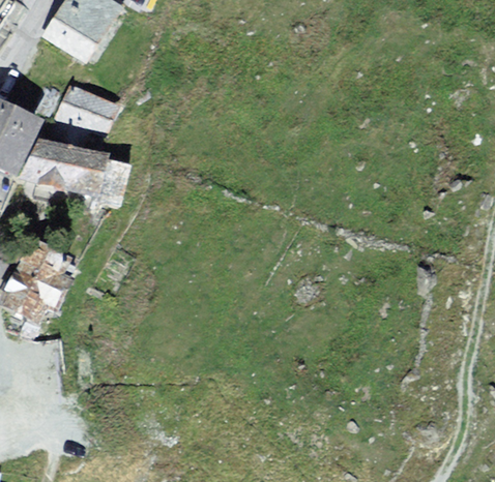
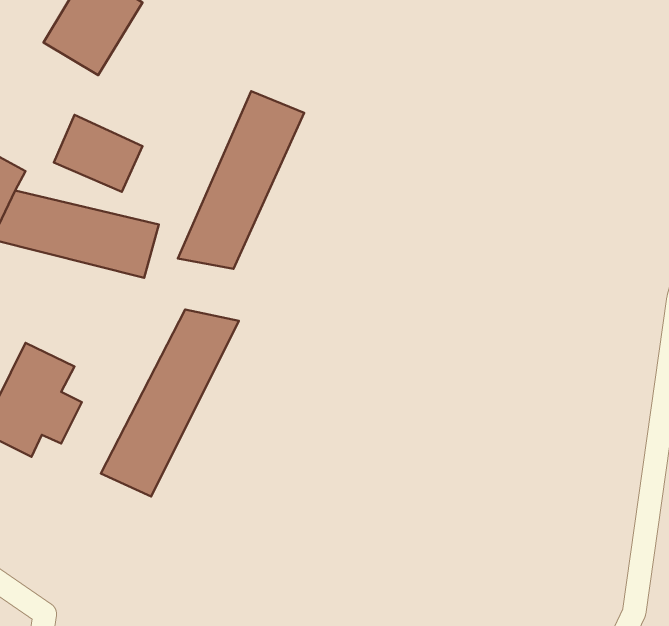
building: none -> [178,91,304,269]
building: none -> [101,310,239,497]

